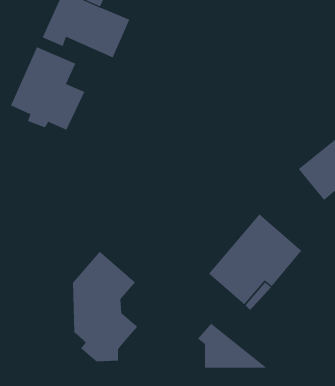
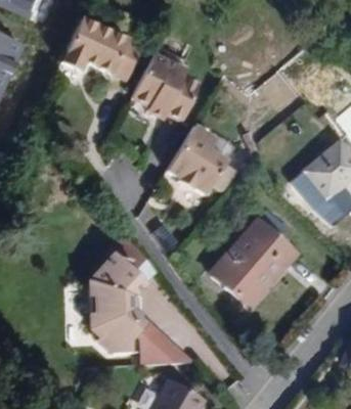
building: [10,46,85,130] -> [131,45,199,121]
building: none -> [166,127,226,194]
building: [197,323,267,368] -> [134,323,198,364]

